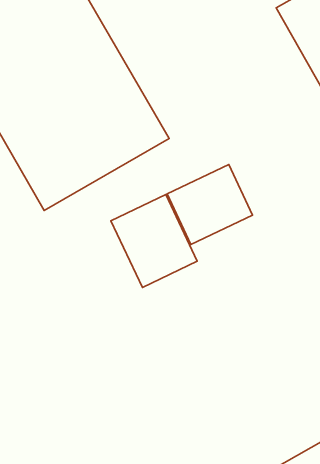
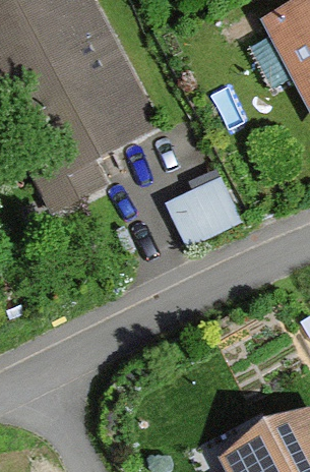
building: [111,194,197,287] -> none

